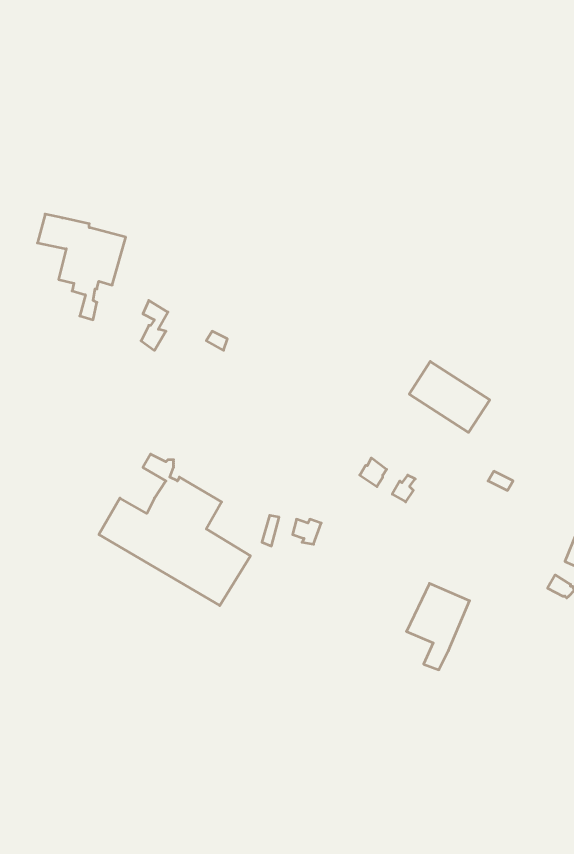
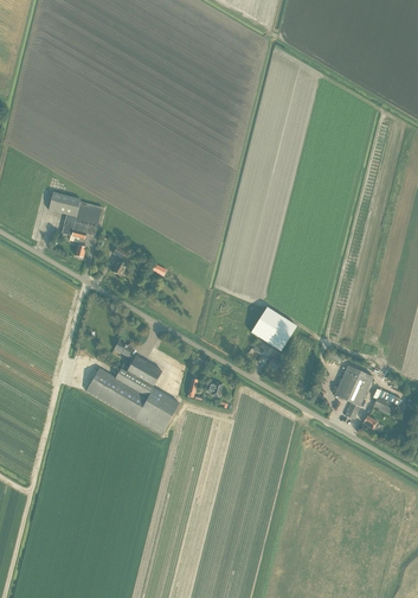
building: [409,361,490,432] -> [243,305,292,349]
building: [406,583,470,670] -> [334,364,373,418]

